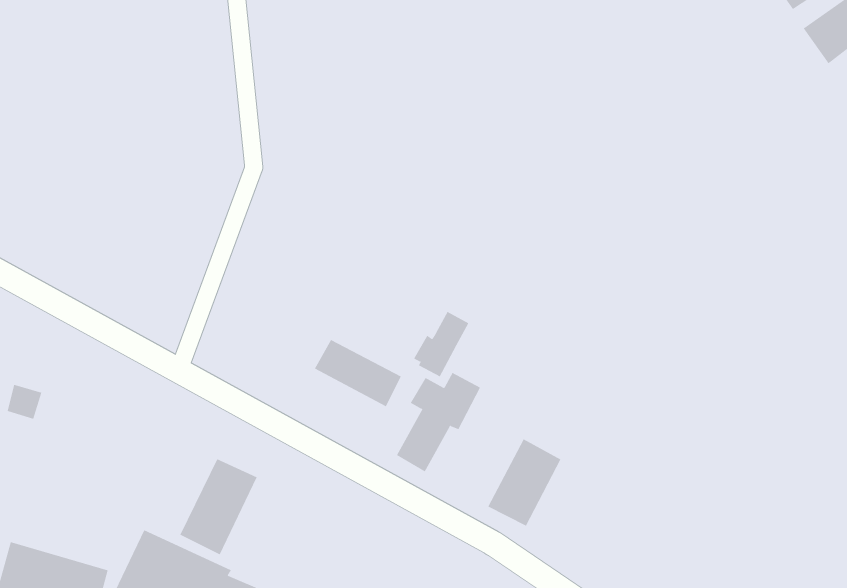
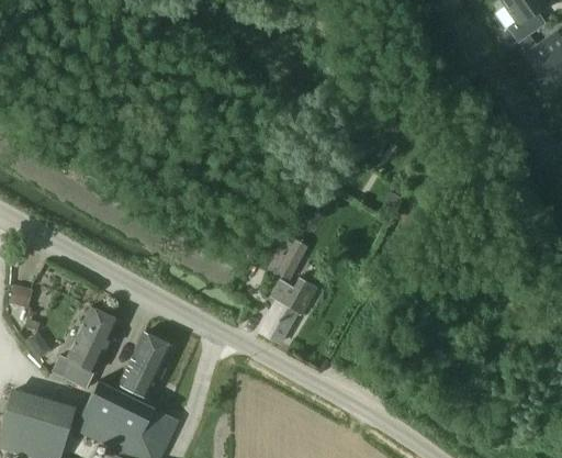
building: [314,339,402,407] -> none
building: none -> [50,308,119,390]
building: [488,439,561,526] -> none

